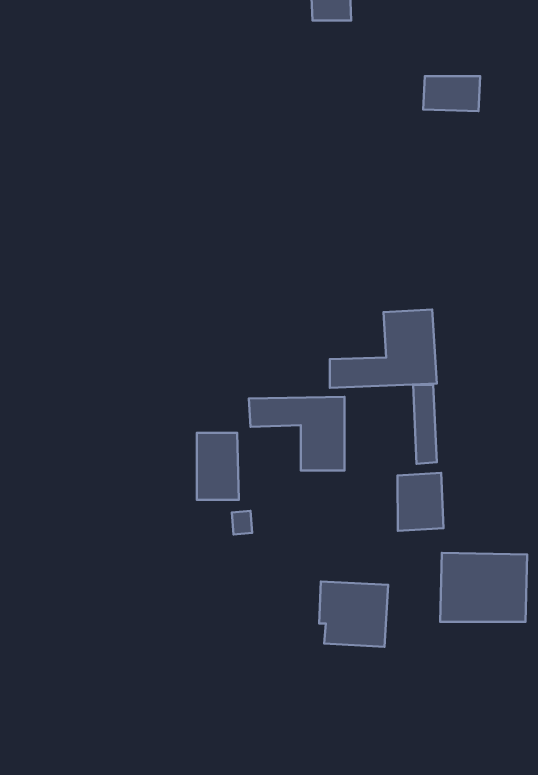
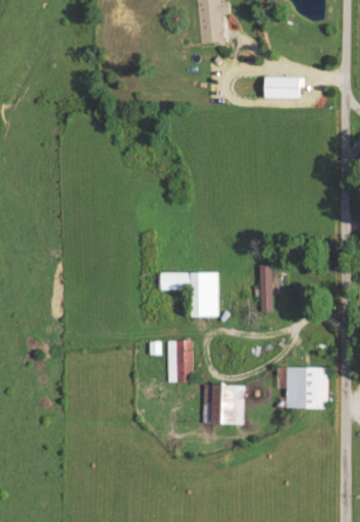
building: [330,309,437,388] -> none
building: [197,433,239,500] -> [167,341,193,381]
building: [398,473,444,531] -> none

